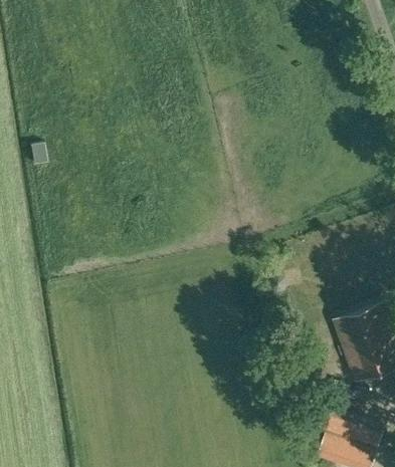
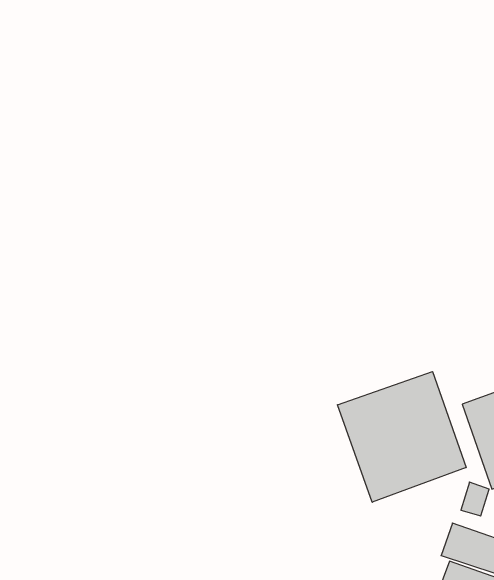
building: none -> [337,372,466,502]

